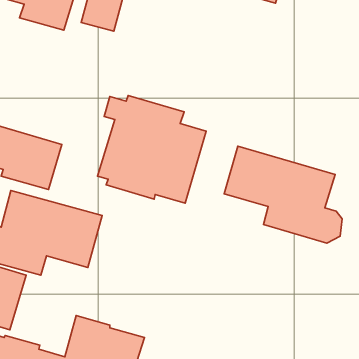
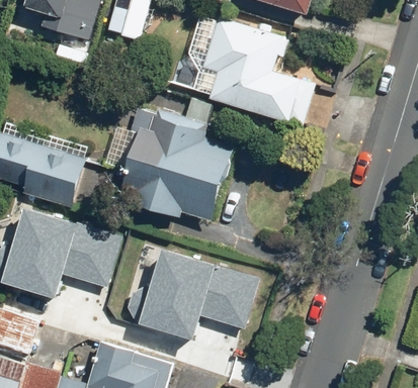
building: none -> [200,18,310,124]
building: [224,146,342,243] -> none
building: none -> [132,251,267,340]

